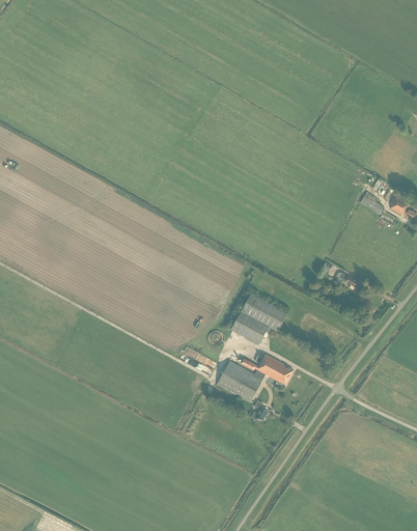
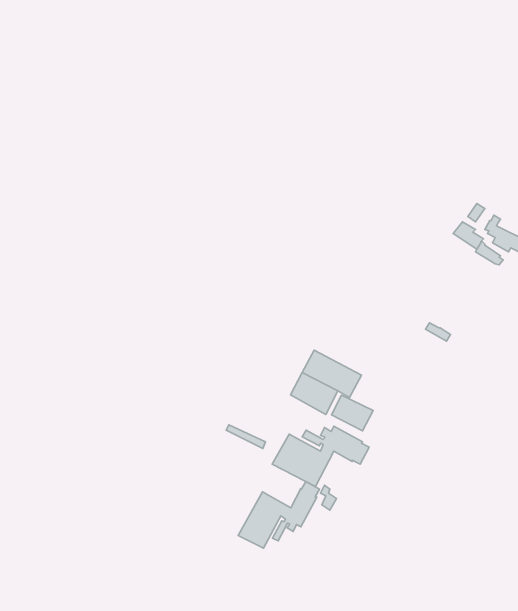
building: none -> [331,395,373,431]
building: none -> [238,482,320,548]

